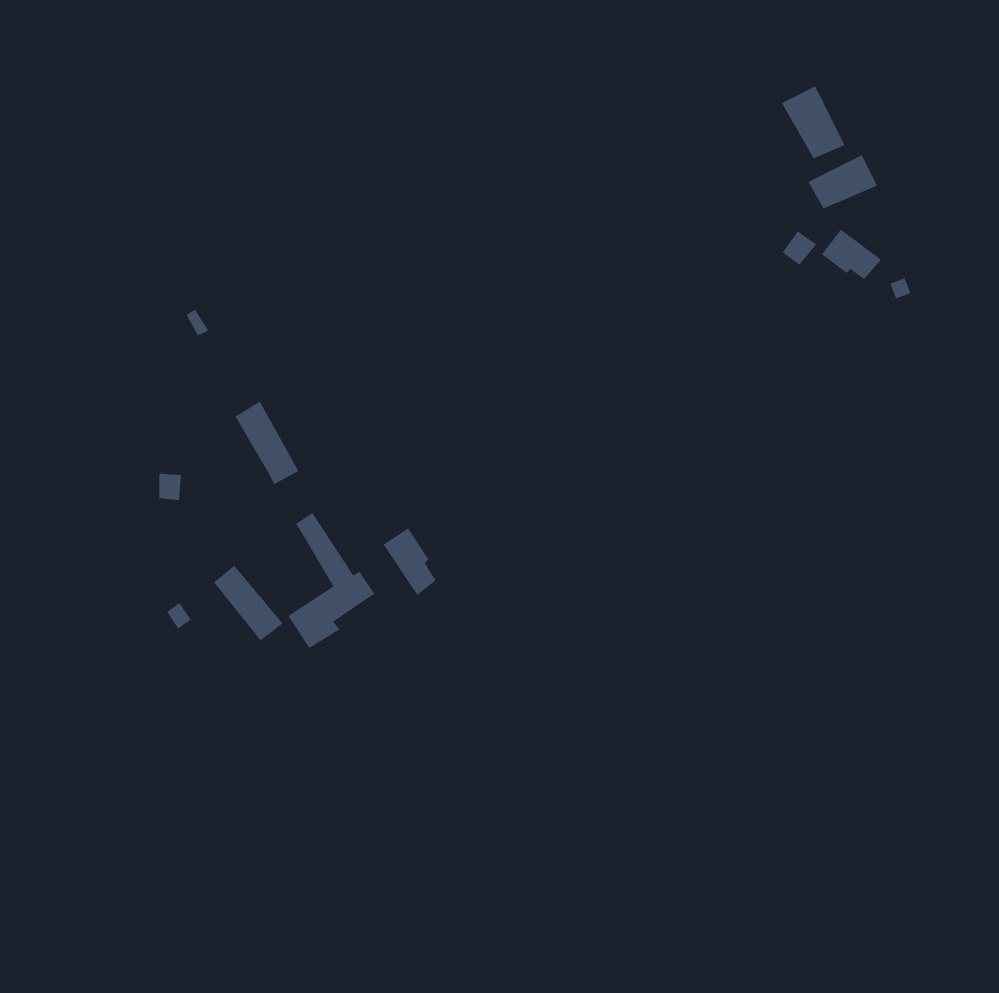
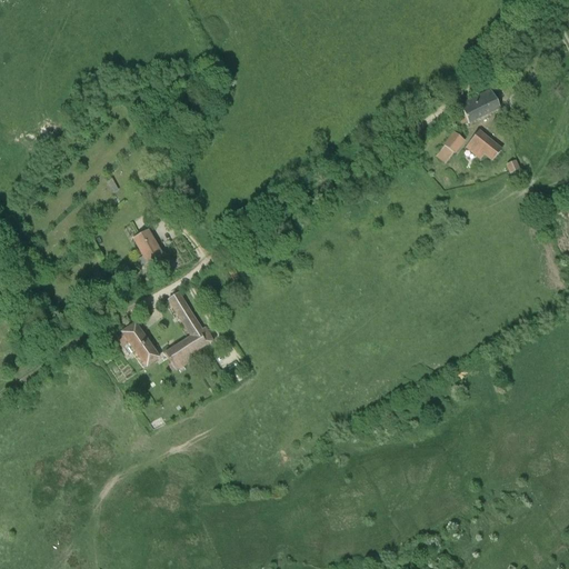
building: [781,86,845,159] -> none
building: [383,528,436,596] -> none

